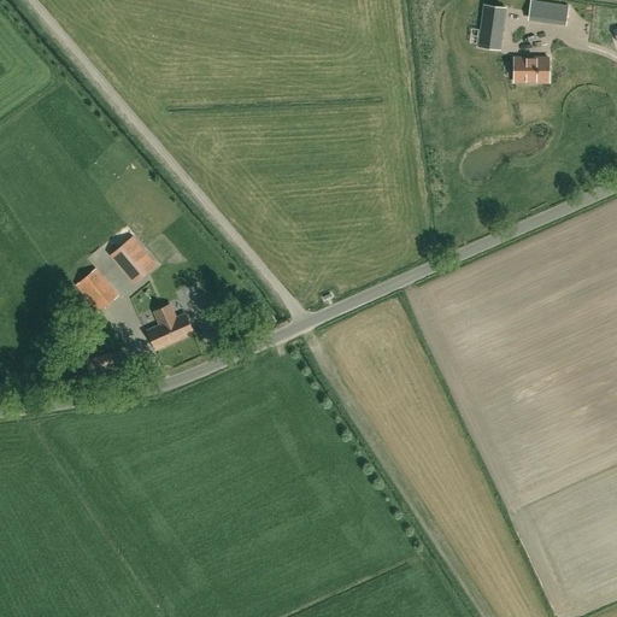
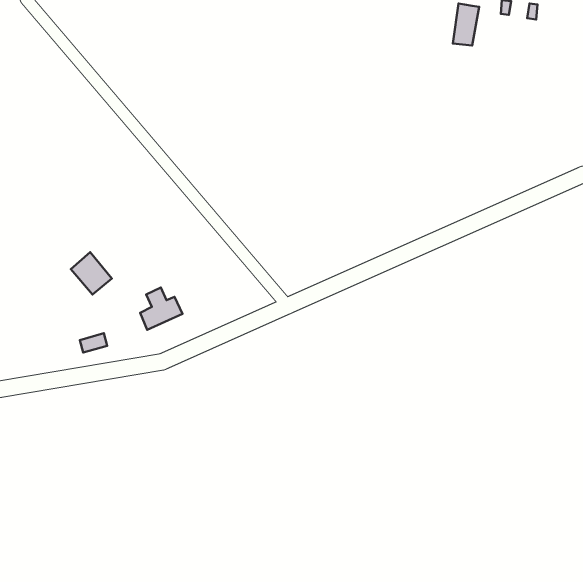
building: [513,57,550,81] -> none
building: [113,236,155,280] -> none

